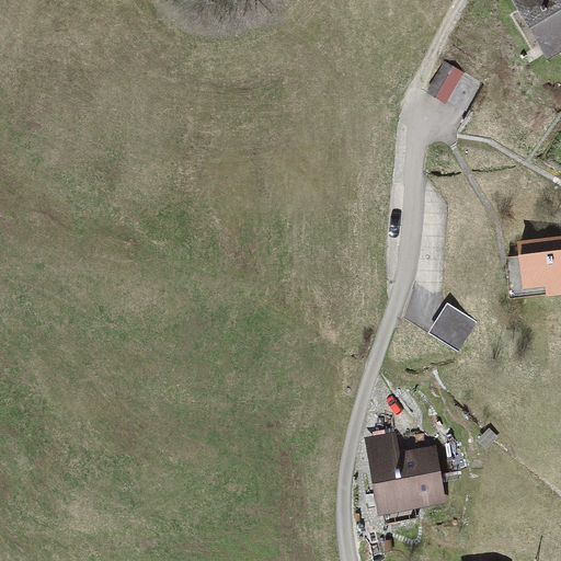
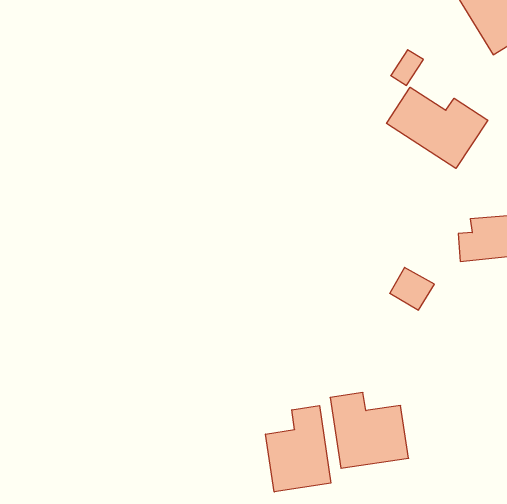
building: none -> [387,87,488,168]
building: none -> [266,406,331,492]

